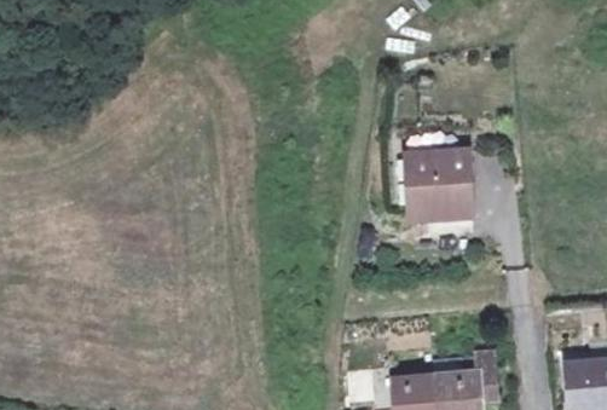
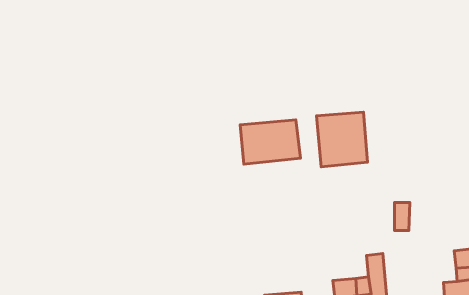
building: none -> [240,120,300,164]

